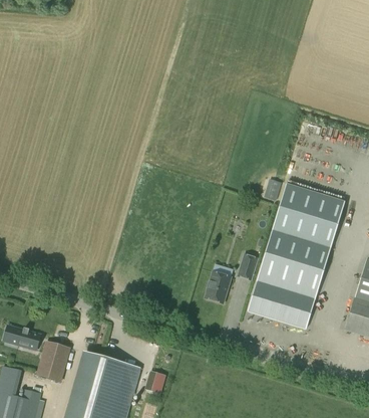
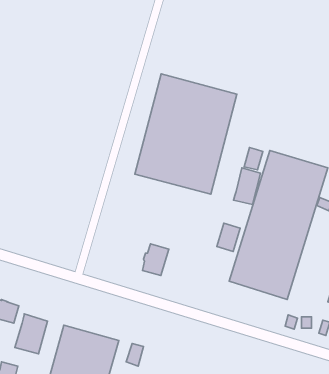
building: none -> [135,74,237,194]
building: none -> [233,168,260,204]
building: [205,271,231,302] -> [142,244,169,276]

